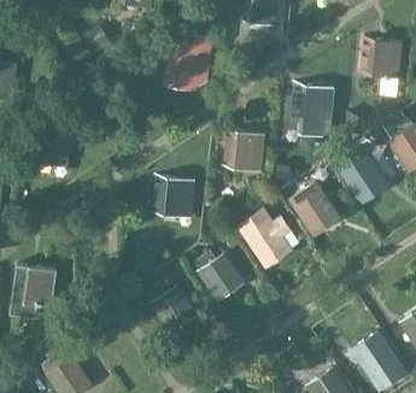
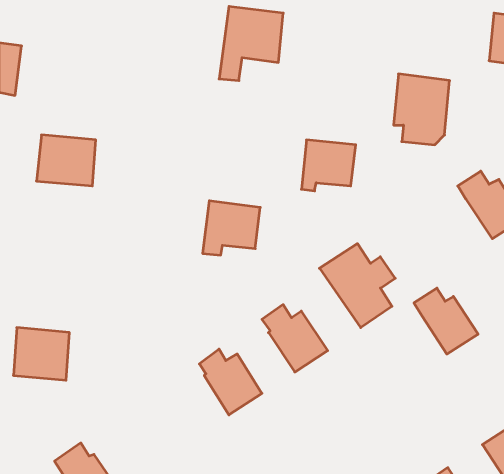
building: [289,187,336,235] -> [414,288,478,354]

